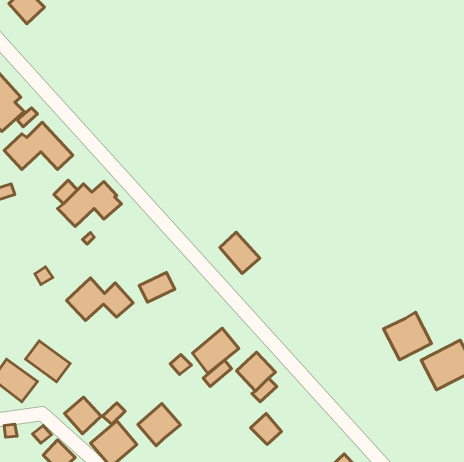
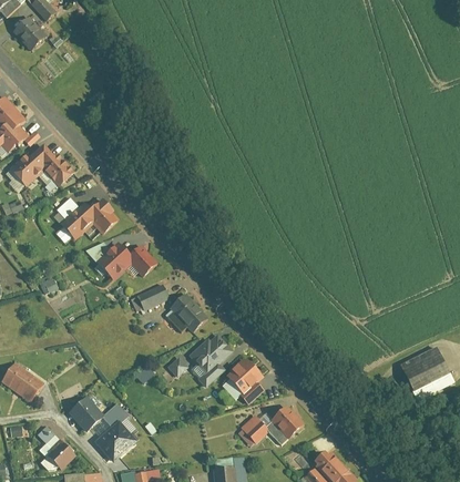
building: [220,232,260,274] -> [170,293,207,331]
building: [67,278,133,321] -> [98,238,160,278]
building: [384,312,432,360] -> none
building: [25,341,70,382] -> none
building: [138,403,180,446] -> none
building: none -> [274,404,306,438]

